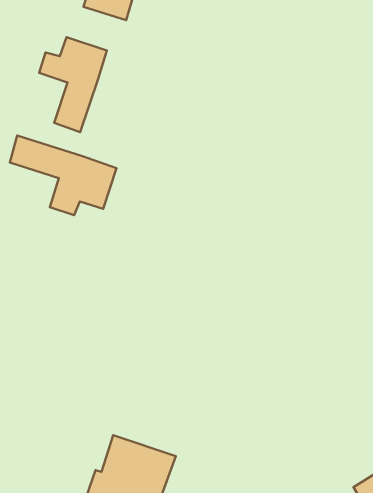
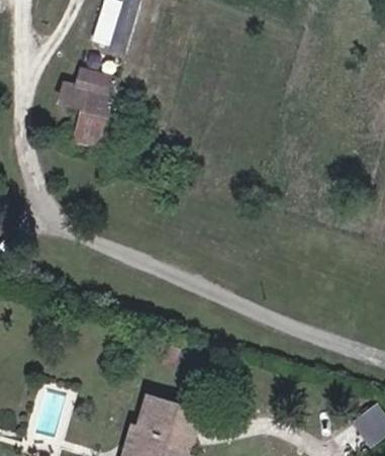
building: [10,135,116,215] -> none

